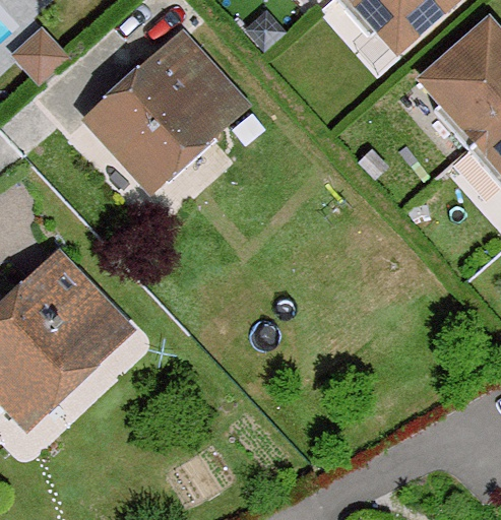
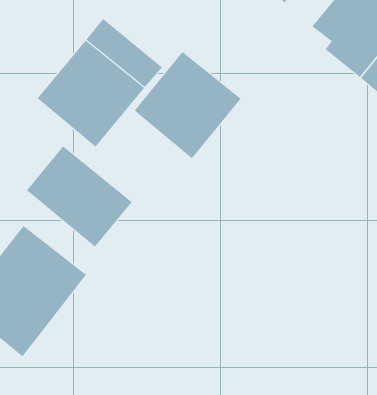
building: none -> [134,51,242,159]
building: none -> [26,146,133,248]

